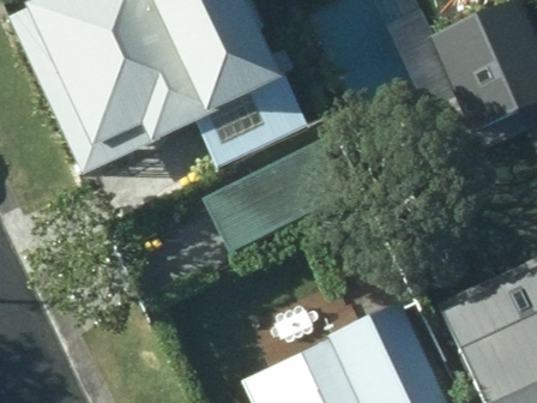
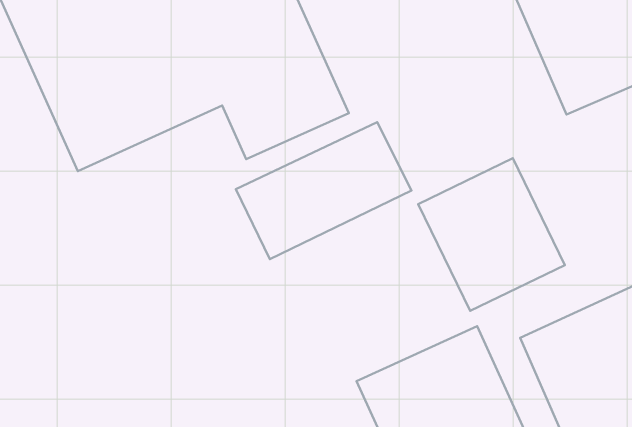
building: none -> [418,158,565,311]

